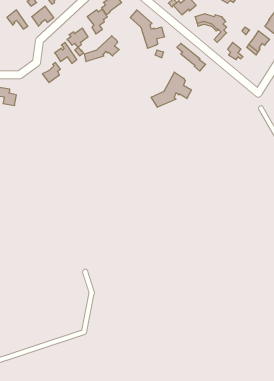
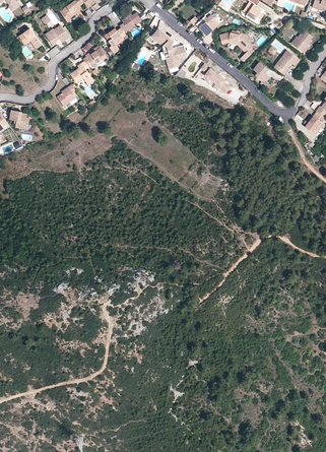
building: [85,36,119,62] -> none
building: [151,72,191,107] -> none

